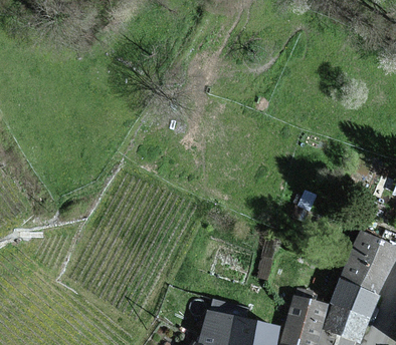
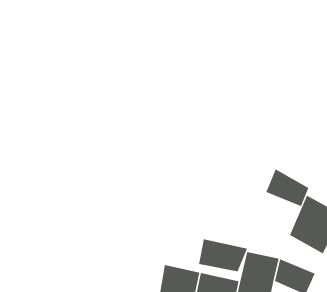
building: [331,275,381,319] -> [266,169,309,207]
building: none -> [198,238,248,272]

